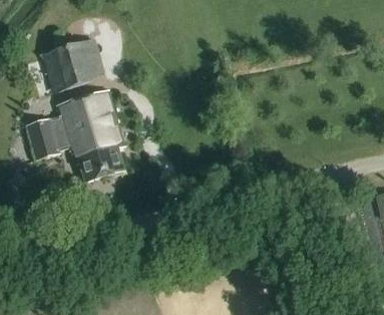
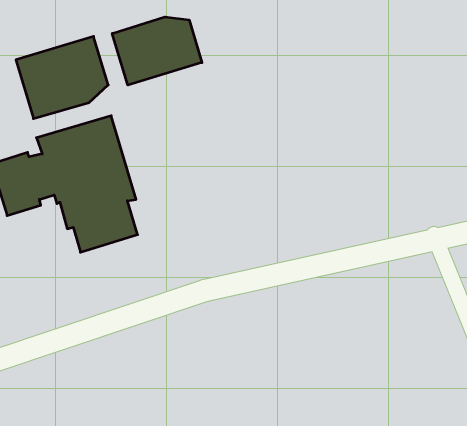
building: none -> [112,17,202,85]

